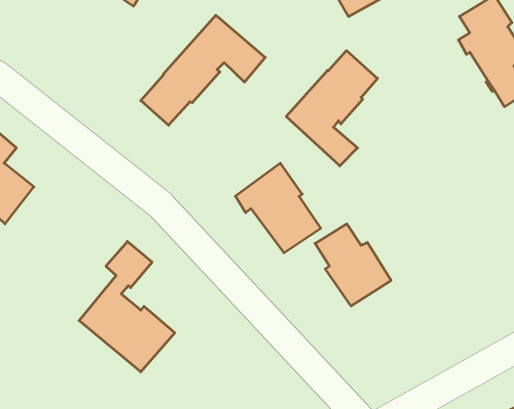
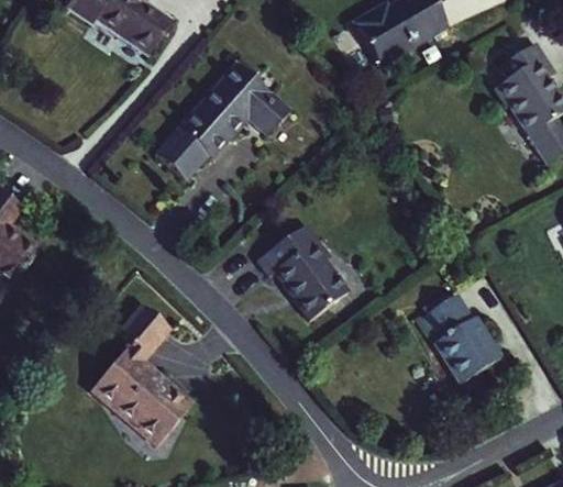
building: [286,51,378,166] -> none
building: [315,224,391,306] -> [422,295,504,383]

